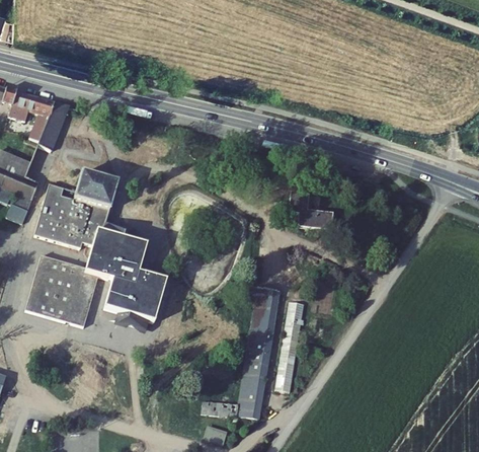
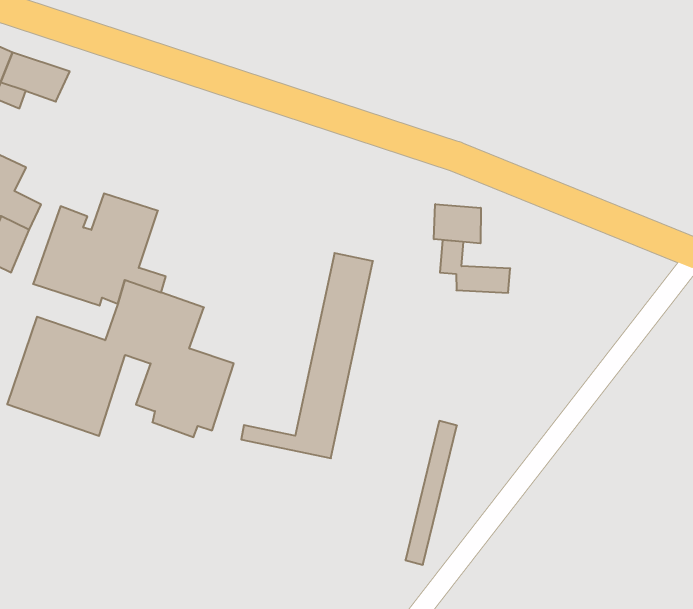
building: [31,101,65,154] -> none
building: none -> [434,204,481,243]
building: [204,288,276,416] -> [241,253,373,458]

